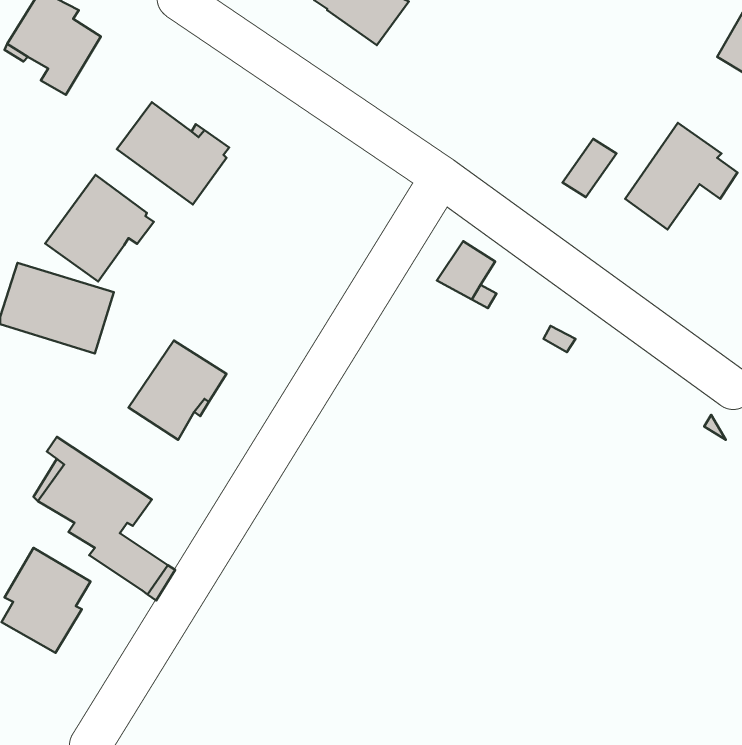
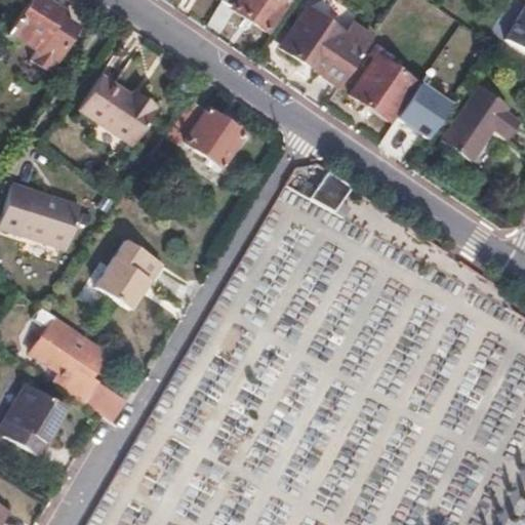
building: none -> [281,8,374,87]
building: none -> [352,56,415,120]
building: none -> [167,102,244,167]
building: [45,175,154,281] -> none

